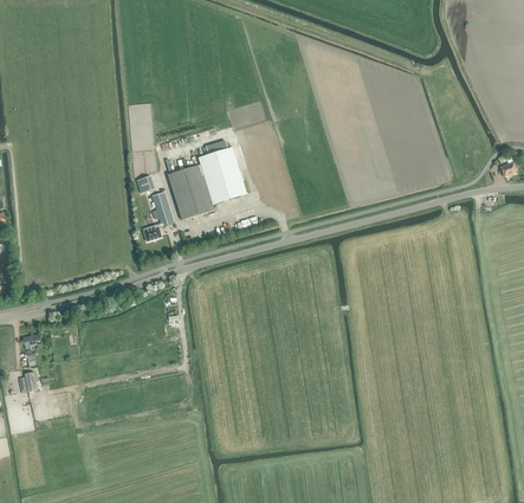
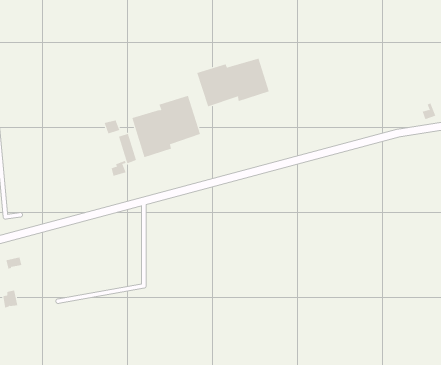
building: none -> [197,58,270,107]

